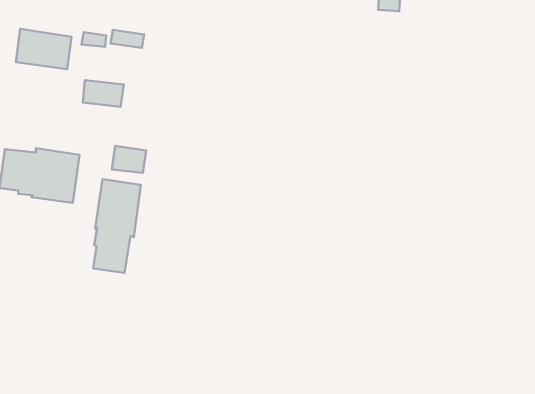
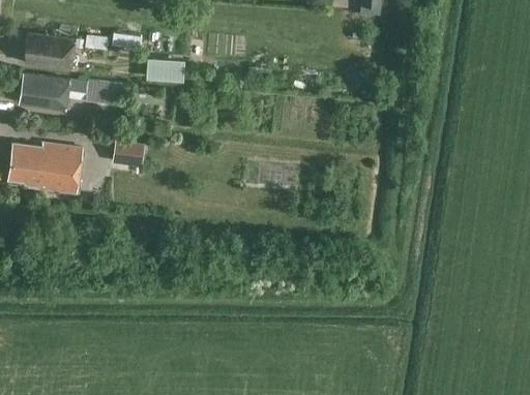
building: none -> [146,58,184,82]
building: none -> [19,73,70,110]
building: [93,179,141,273] -> none

